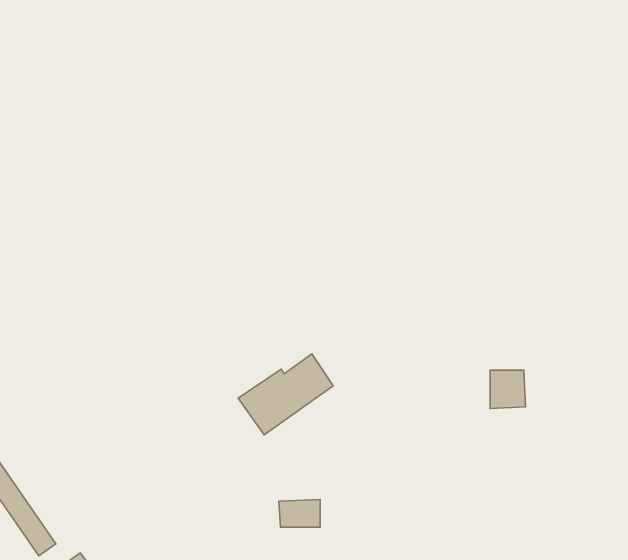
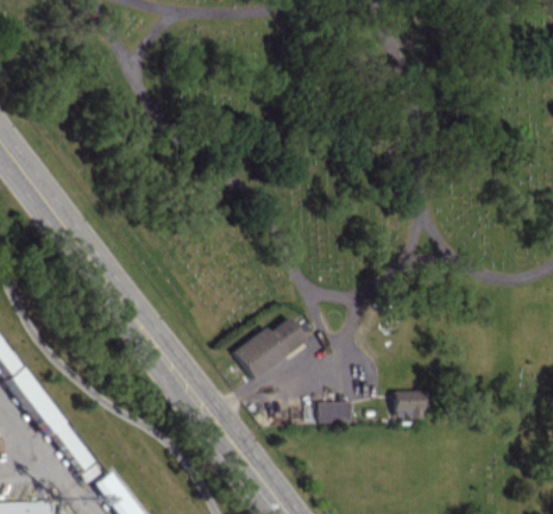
building: [490,370,525,408] -> [395,390,422,420]
building: [279,500,320,527] -> [316,401,348,422]

